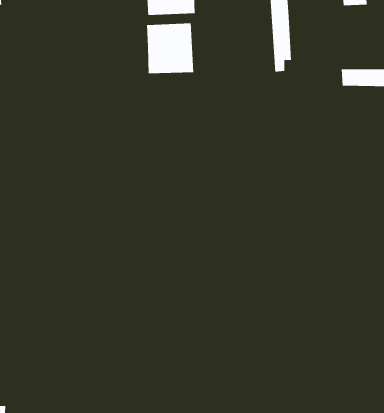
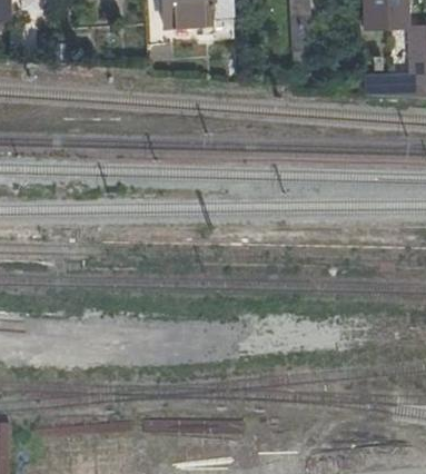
building: [147,22,194,74] -> none

